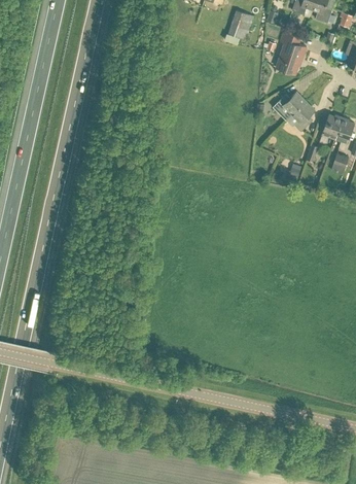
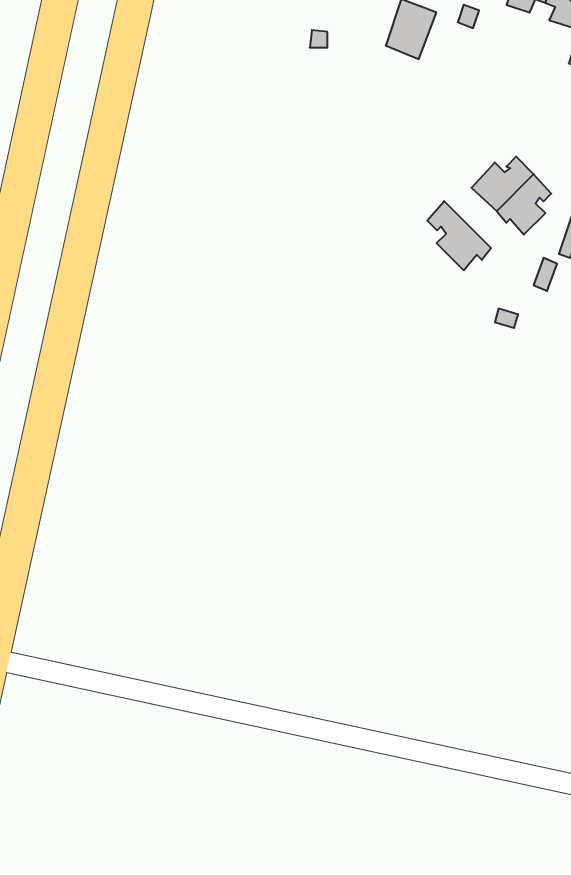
building: [277,30,307,74] -> none
building: none -> [427,201,491,270]

